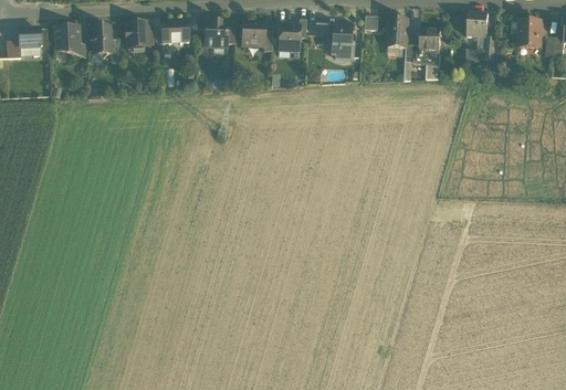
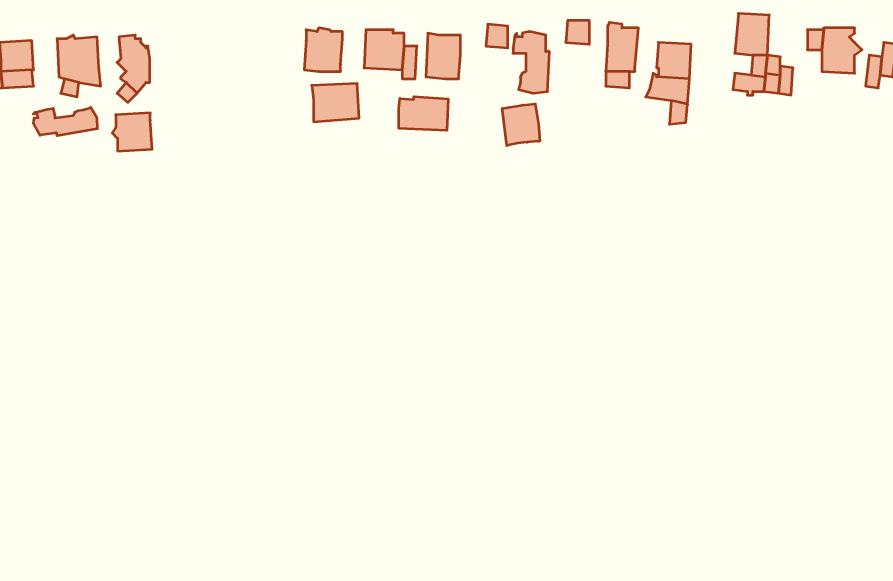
building: [160,20,189,43] -> [312,84,359,122]
building: [124,22,148,45] -> [112,113,152,151]
building: none -> [399,97,448,130]
building: none -> [502,104,540,146]
building: none -> [33,107,97,136]

